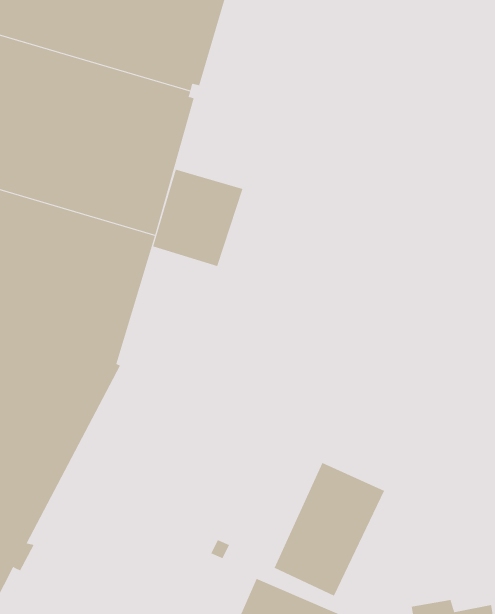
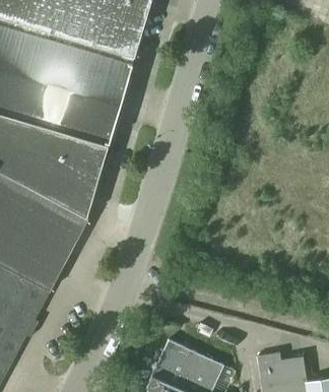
building: [153,169,243,267] -> none
building: [274,462,385,597] -> none

